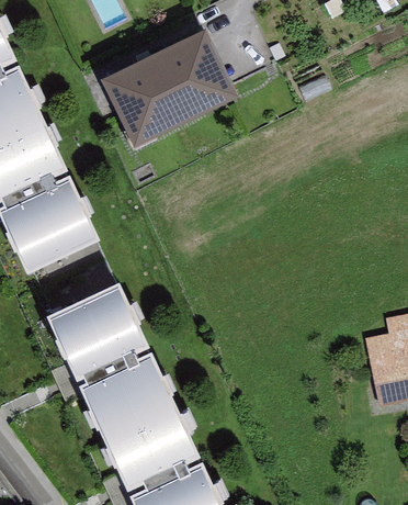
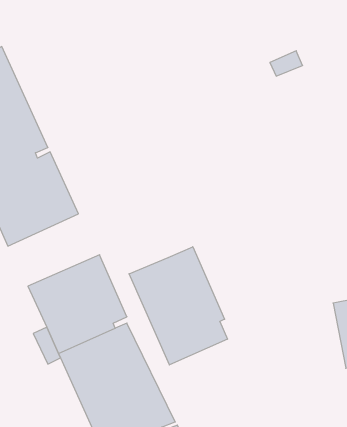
building: [100,29,238,147] -> none
building: none -> [129,247,227,365]

